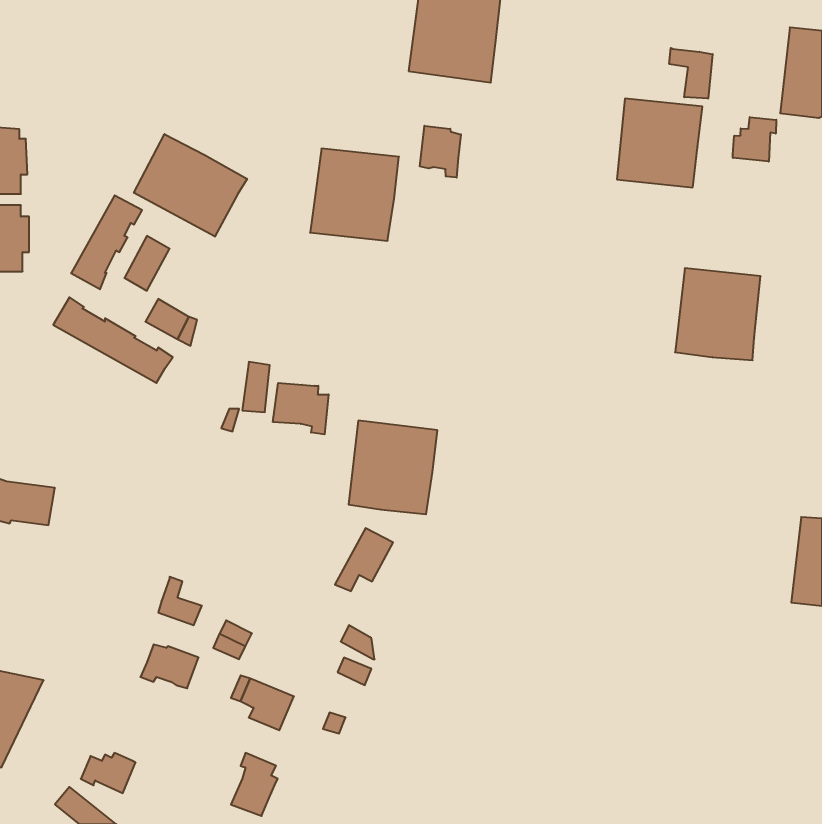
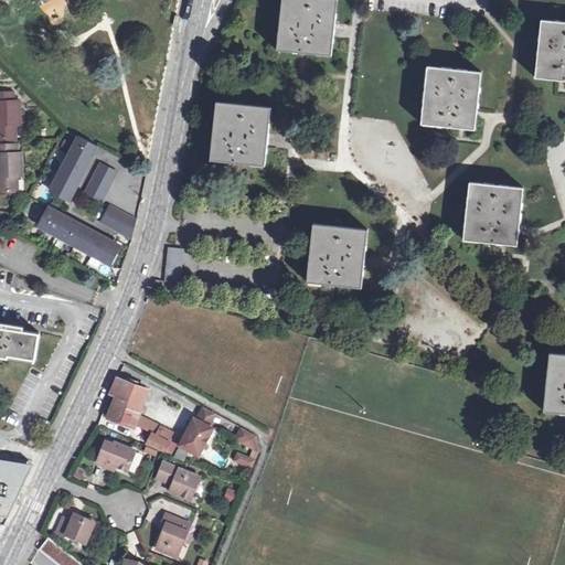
building: [669,48,713,99] -> none
building: [733,117,776,162] -> none
building: [420,126,461,178] -> none
building: [134,134,247,237] -> none
building: [273,383,329,434] -> none
building: [349,421,437,514] -> [309,225,370,289]
building: [335,528,393,591] -> [171,417,211,460]
building: none -> [110,377,147,414]

